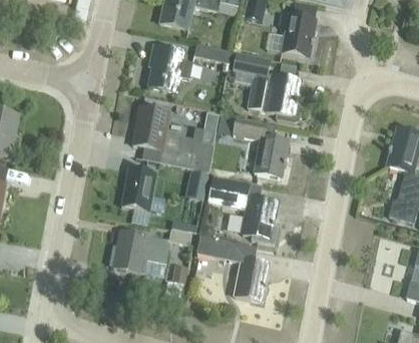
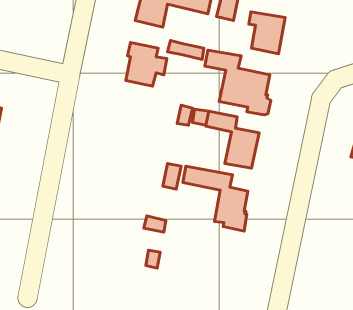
building: [133,106,214,172] -> none
building: [121,167,156,211] -> none
building: [110,230,169,273] -> none
building: [196,236,270,301] -> none

